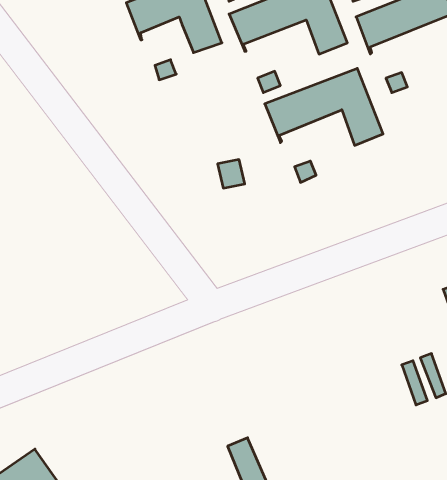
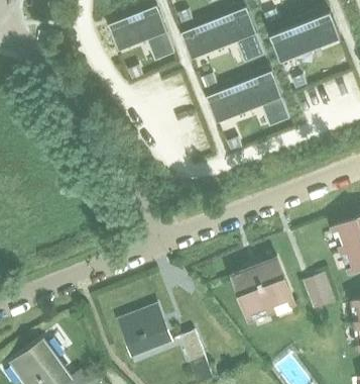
building: none -> [232,259,293,321]
building: none -> [118,305,171,358]

